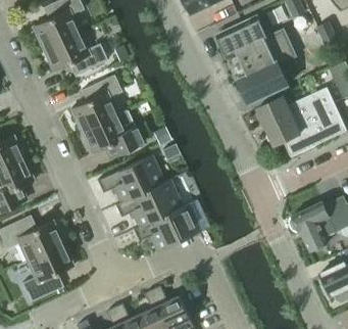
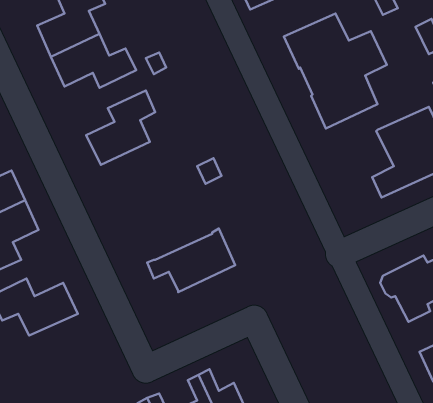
building: [257,96,300,145] -> none
building: [80,111,144,156] -> none
building: [96,156,163,203] -> none
building: [132,200,209,252] -> none
building: [20,244,72,302] -> none

